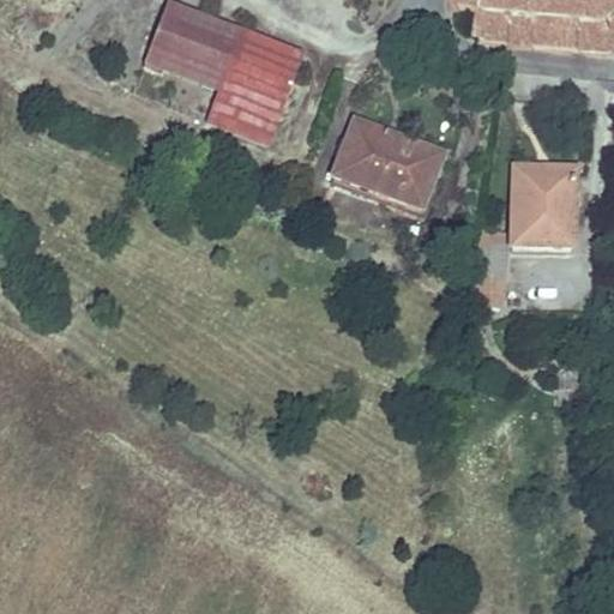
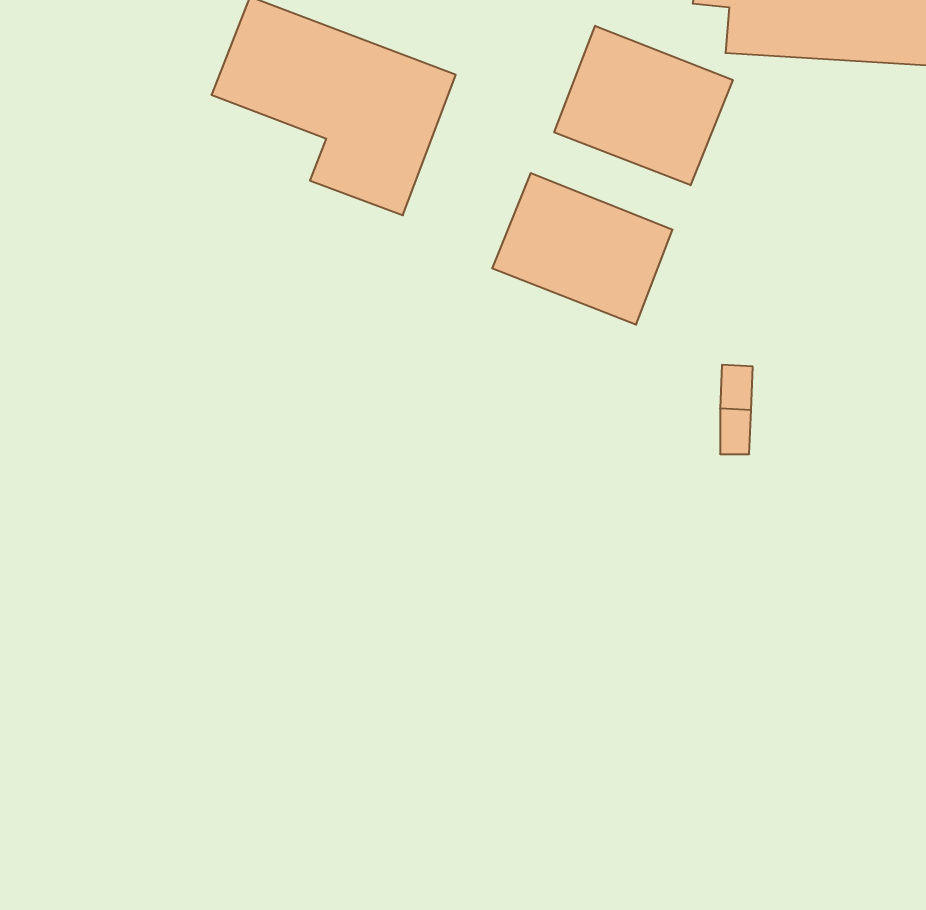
building: none -> [554,26,733,185]
building: [505,159,578,254] -> none

